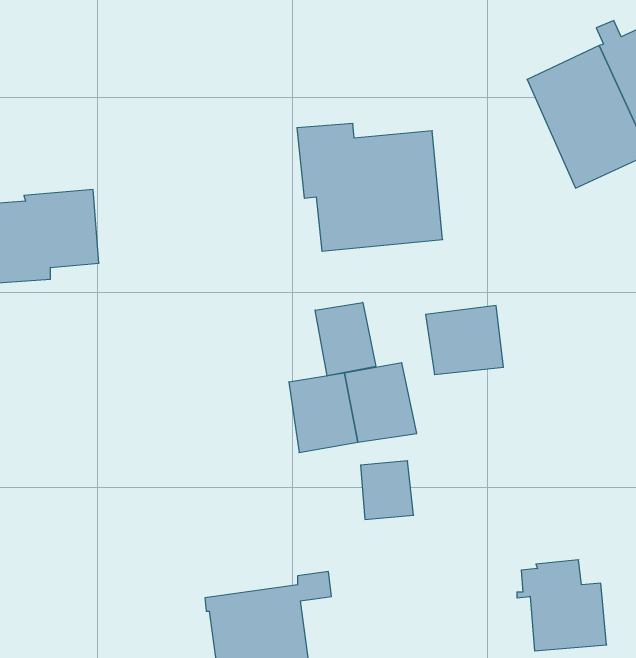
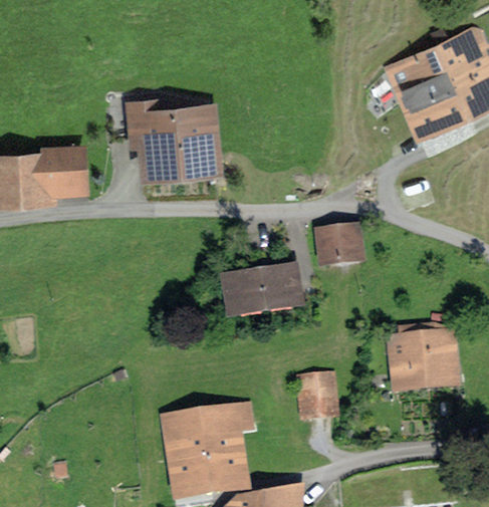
building: [297,123,443,251] -> [125,96,224,184]
building: [315,302,376,376] -> none
building: [361,461,414,519] -> [299,375,335,416]
building: [517,560,607,651] -> [389,323,450,386]

